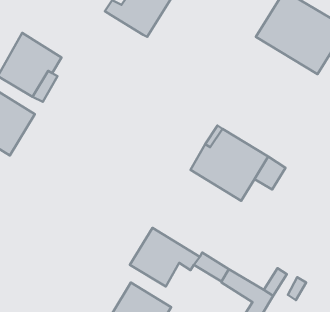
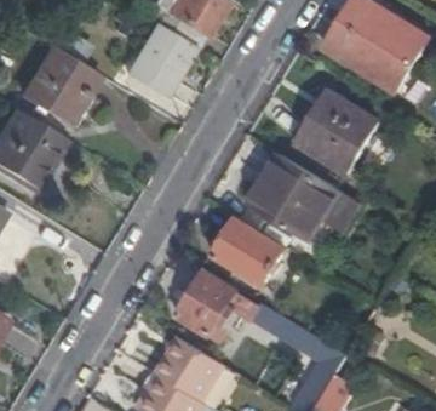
building: none -> [127,23,195,95]
building: none -> [299,91,380,172]
building: none -> [214,216,296,287]

